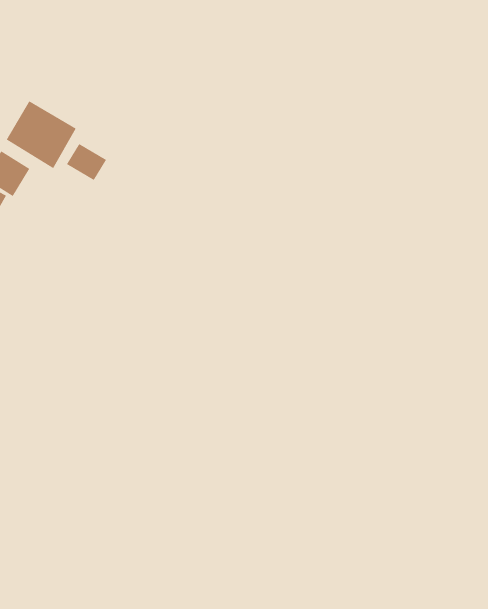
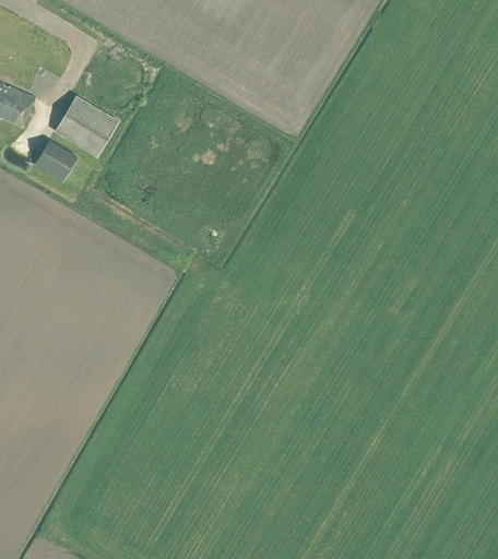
building: [66,143,107,181] -> none

